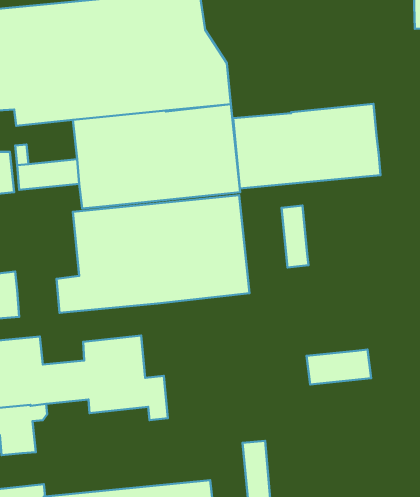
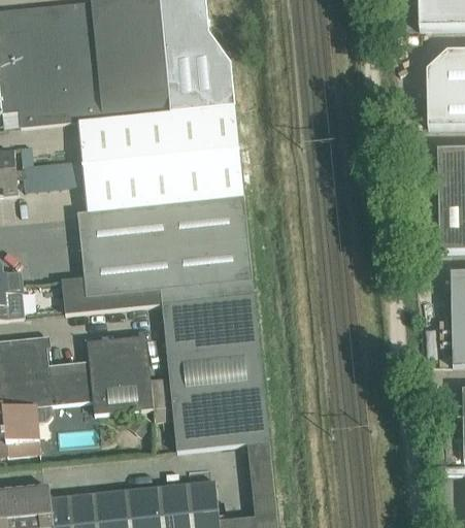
building: [233,104,380,188] -> none
building: [282,205,308,268] -> none
building: none -> [163,294,270,451]
building: [307,349,371,384] -> none

